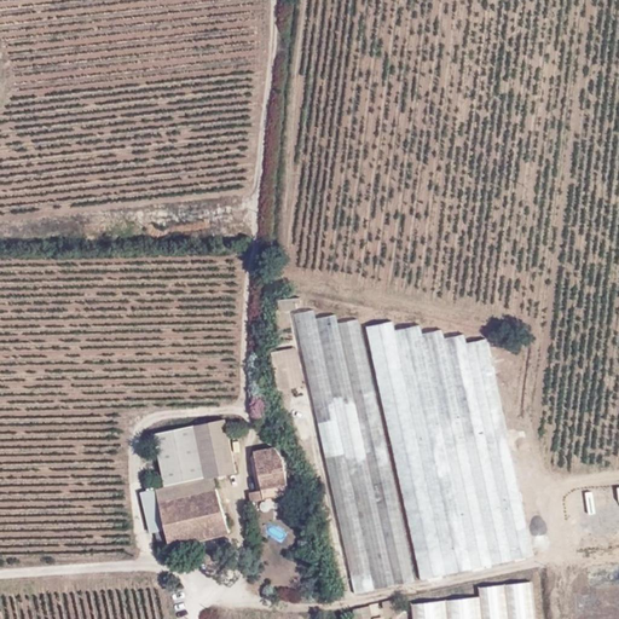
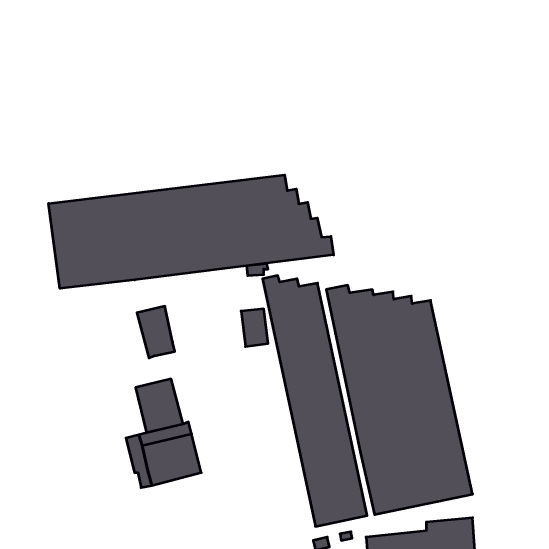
building: none -> [49,175,334,288]
building: [192,420,235,478] -> [137,306,175,358]
building: [249,450,288,504] -> none

